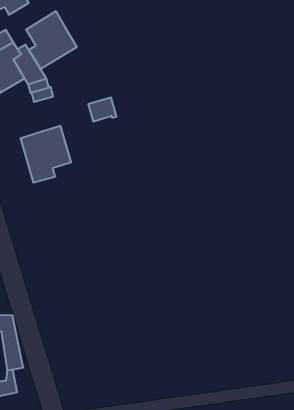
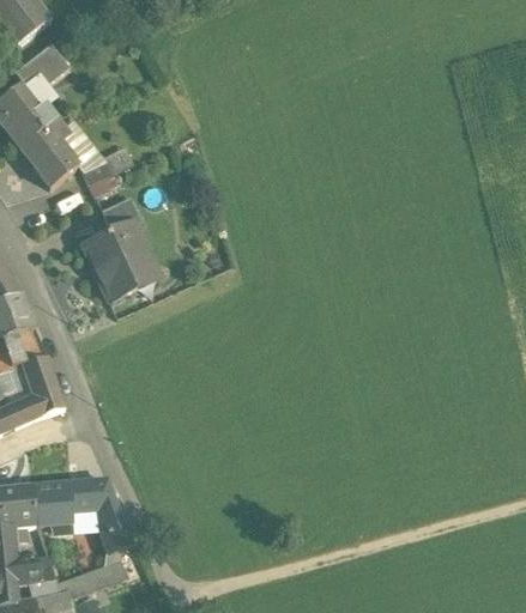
building: [26,11,77,69] -> none
building: [88,97,117,121] -> [101,196,140,231]

